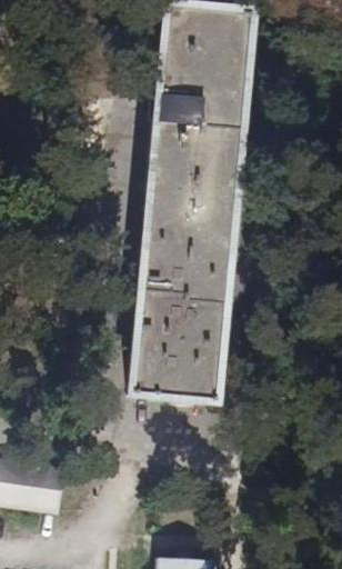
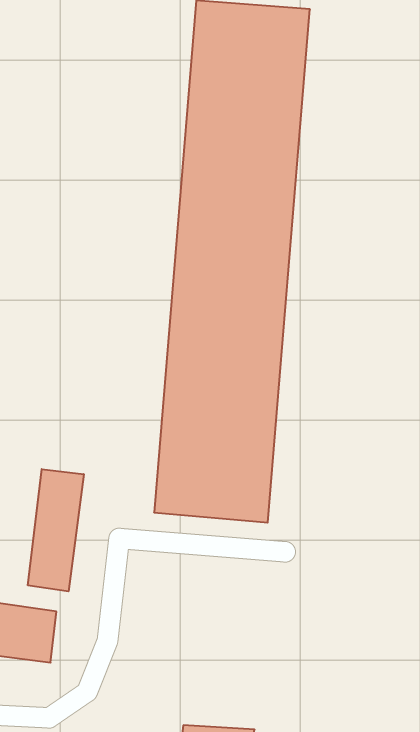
building: none -> [28,469,84,591]

